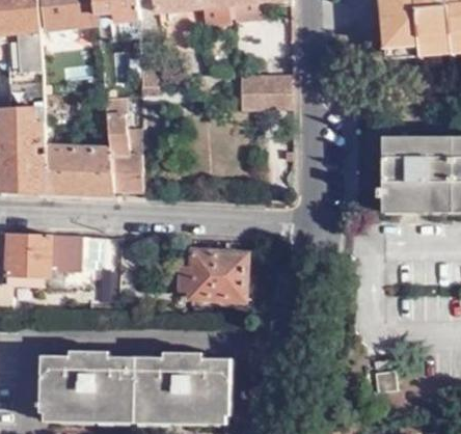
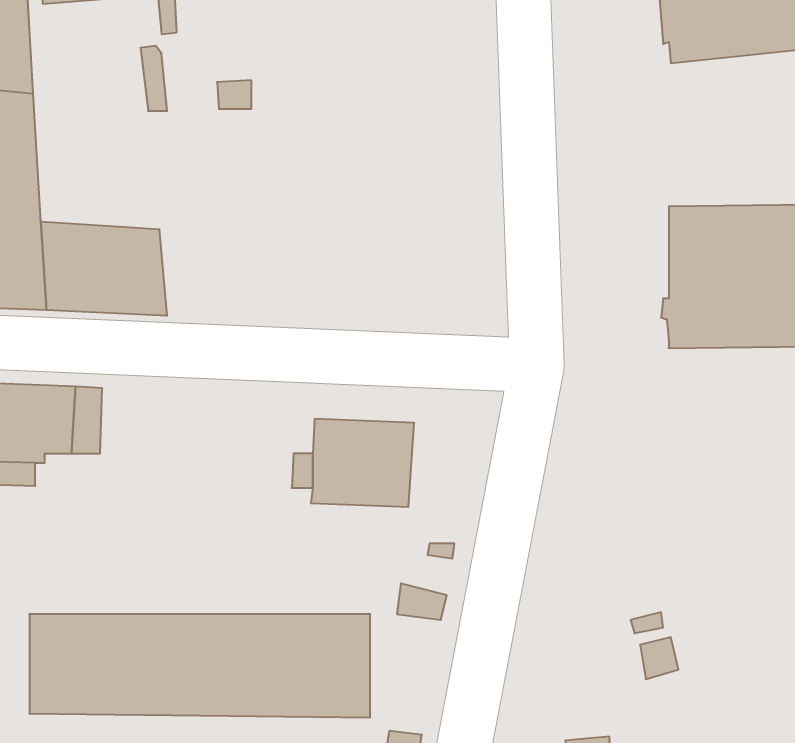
building: [239,73,292,109] -> none
building: [104,98,144,197] -> none

